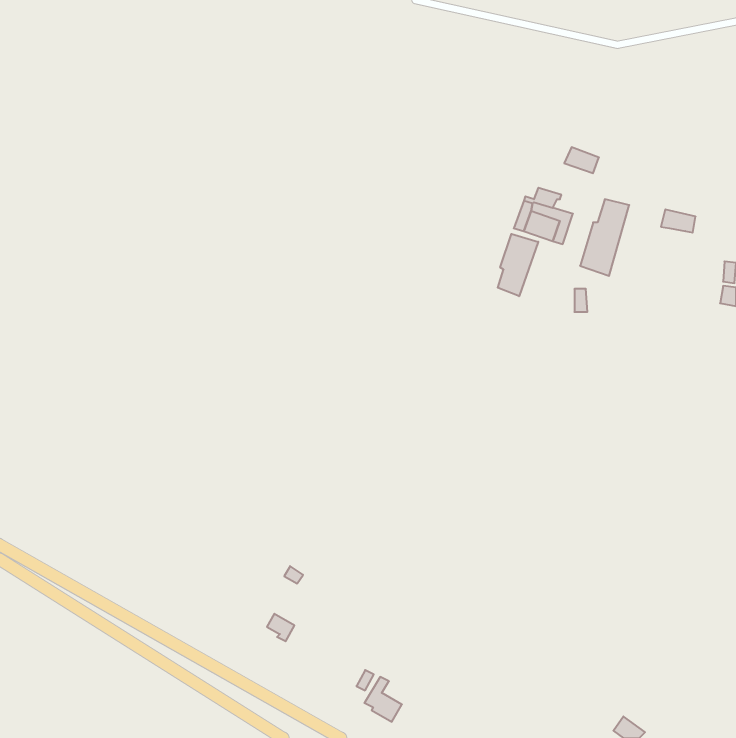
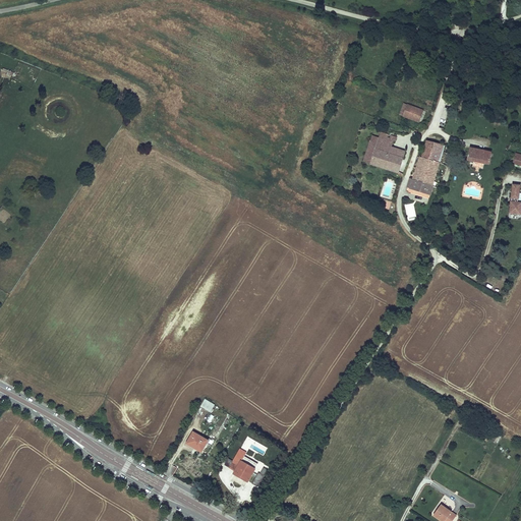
building: [498,234,538,296] -> none
building: [364,677,402,722] -> [229,450,255,481]

